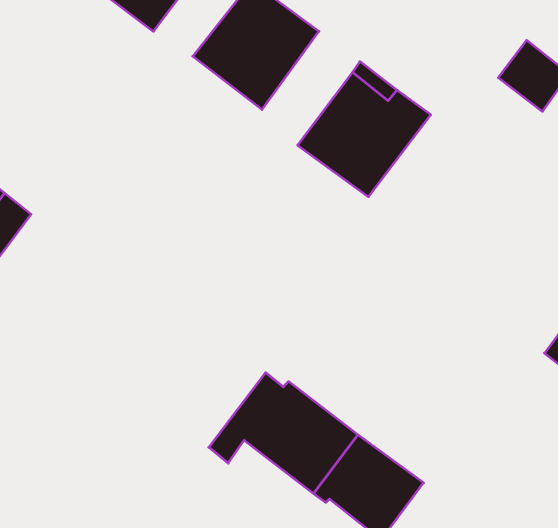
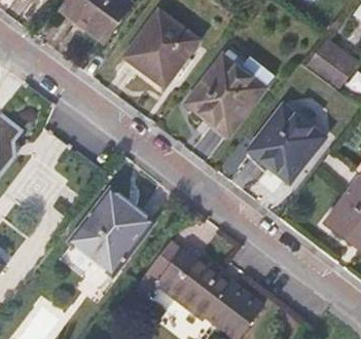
building: none -> [252,106,326,182]
building: none -> [61,188,148,281]

